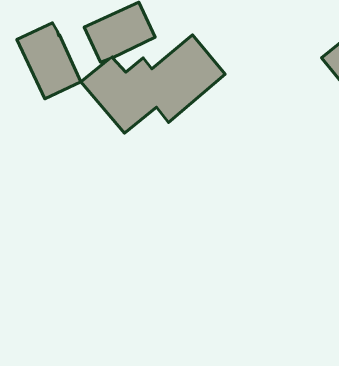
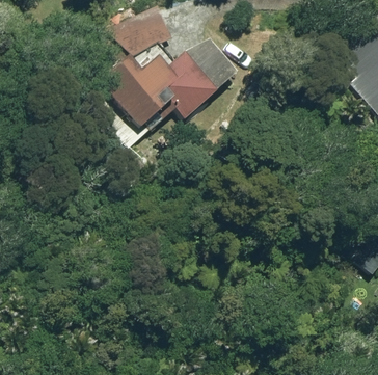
building: [17,23,81,99] -> none

